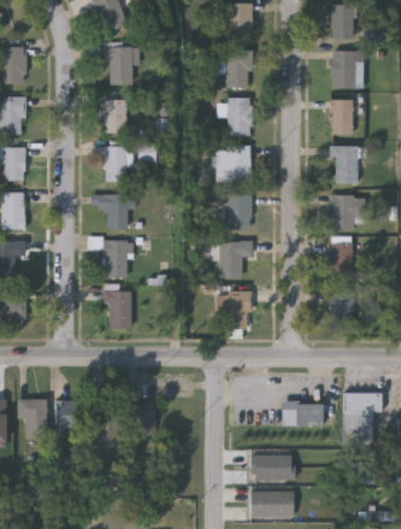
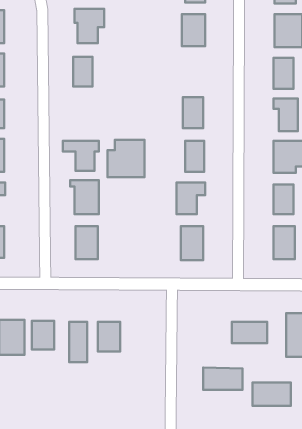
building: [226,99,250,136] -> none
building: [90,146,124,182] -> none
building: none -> [107,140,144,177]
building: [248,488,291,515] -> [253,382,291,406]

